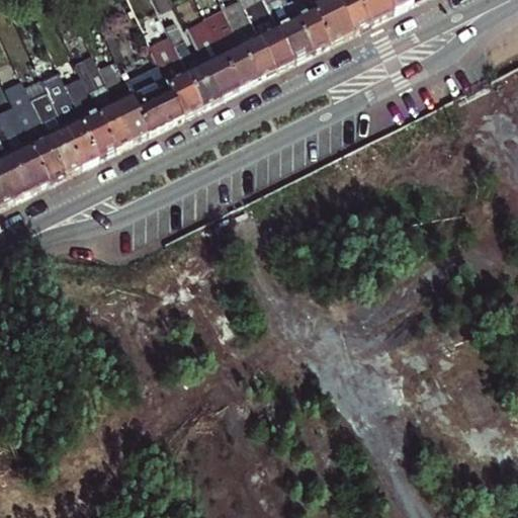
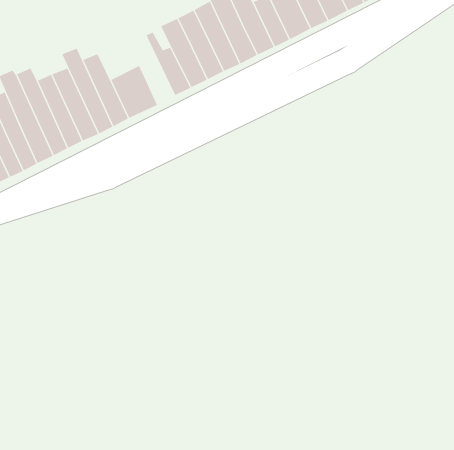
building: [147,45,195,117] -> none

